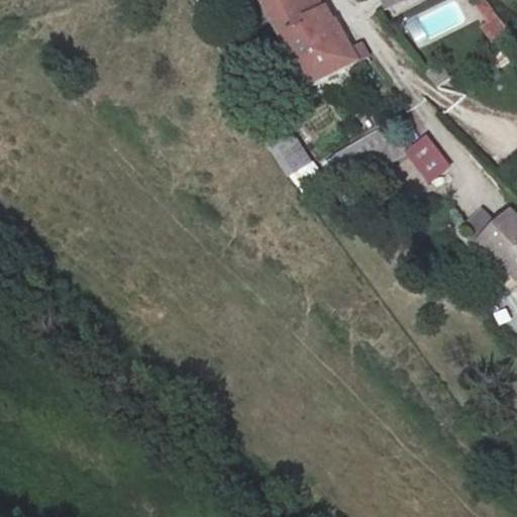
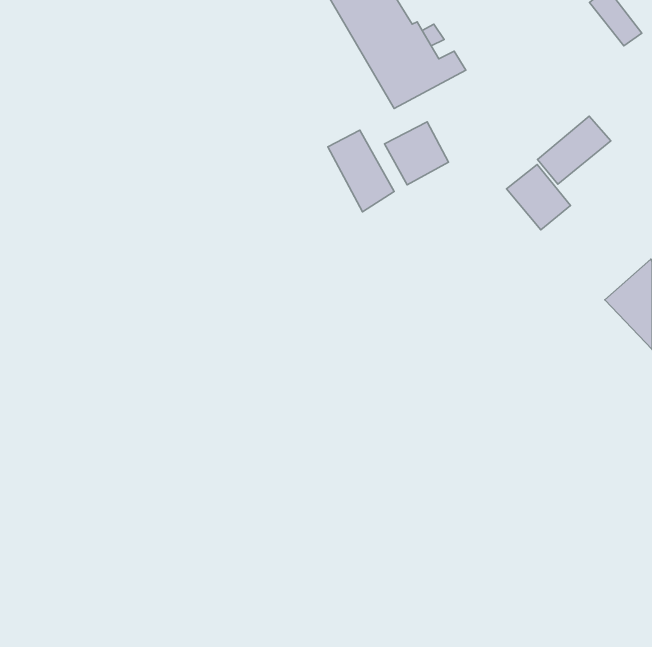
building: none -> [538,116,611,184]
building: none -> [385,122,449,185]

